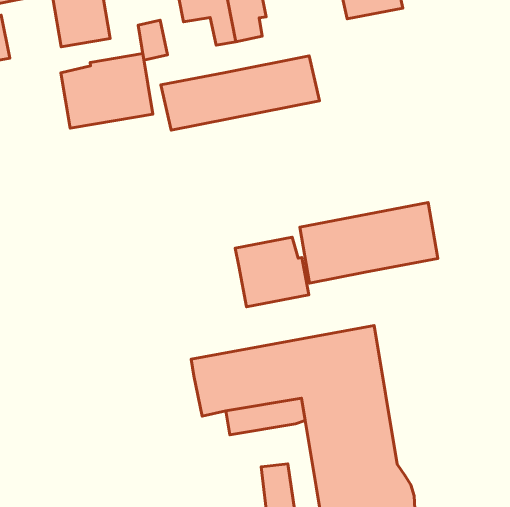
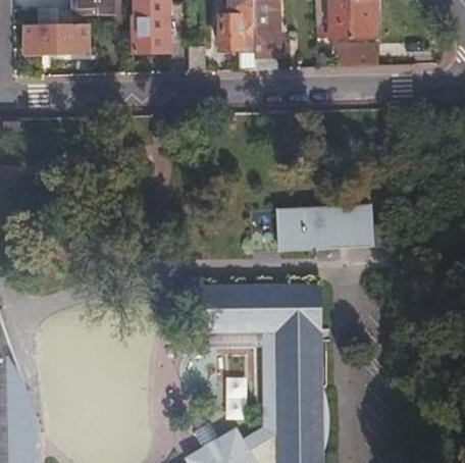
building: [61,54,153,128] -> none
building: [161,56,319,130] -> none
building: [235,237,309,307] -> none

